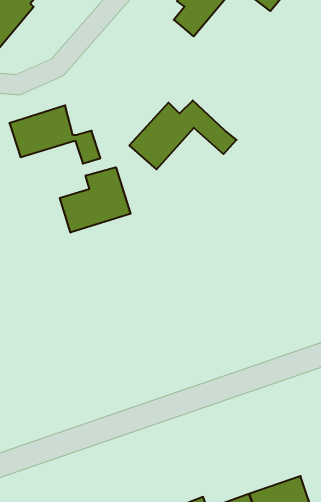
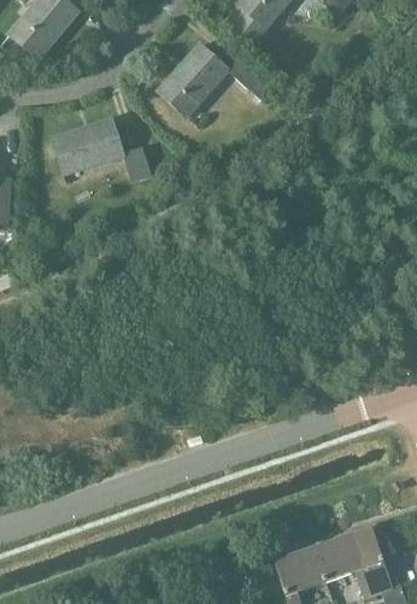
building: [129,100,237,169] -> [157,41,275,117]
building: [60,167,131,233] -> none

